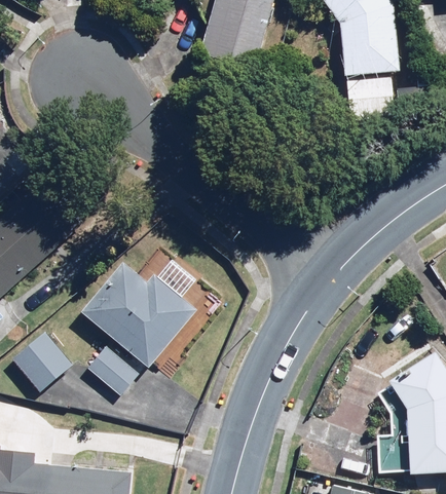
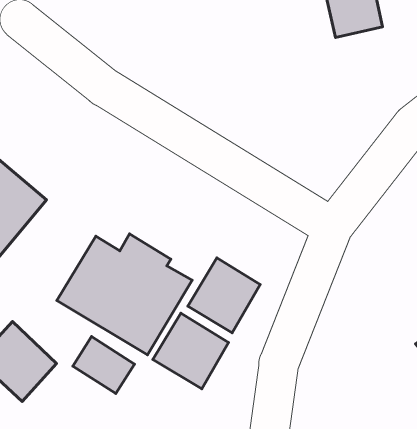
building: none -> [188,258,260,333]
building: none -> [153,313,229,389]

